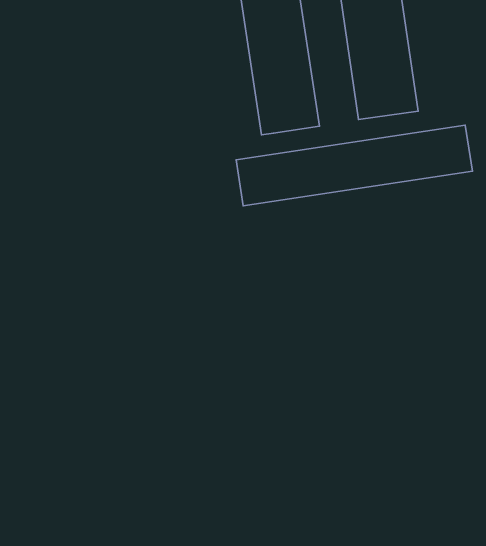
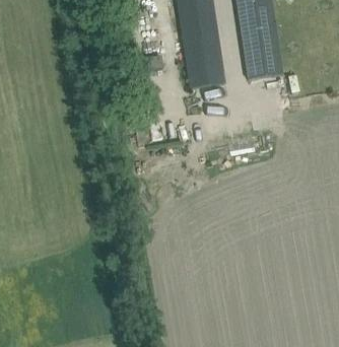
building: [236,125,473,206] -> none

